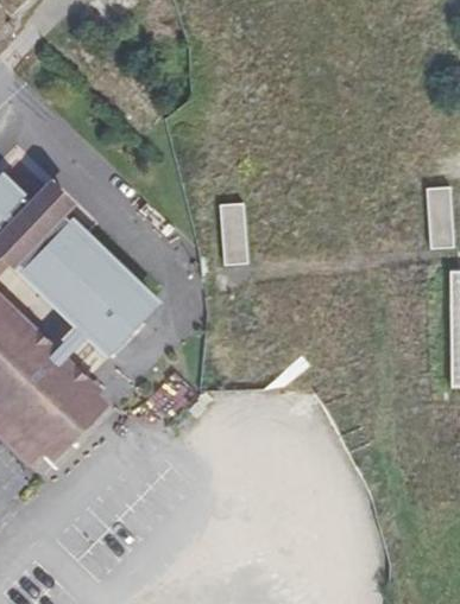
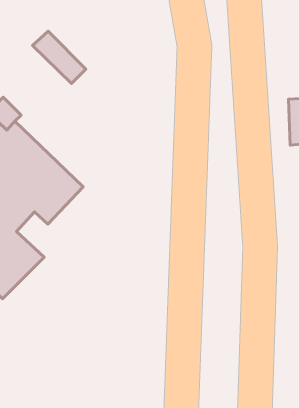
building: none -> [32,31,86,83]
building: [219,202,247,263] -> none

